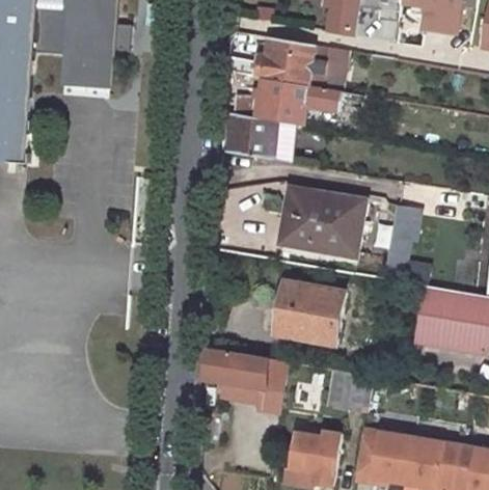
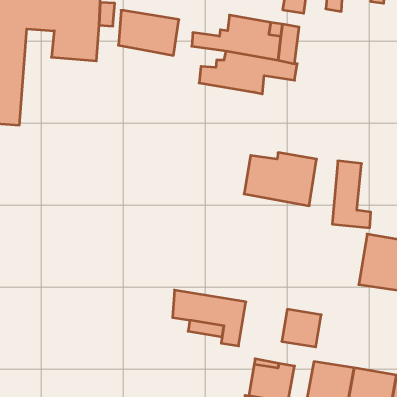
building: [226,114,295,165] -> [118,10,179,55]
building: [277,283,345,344] -> none

